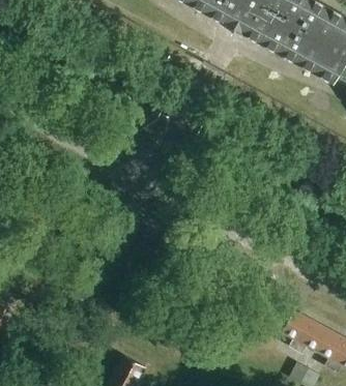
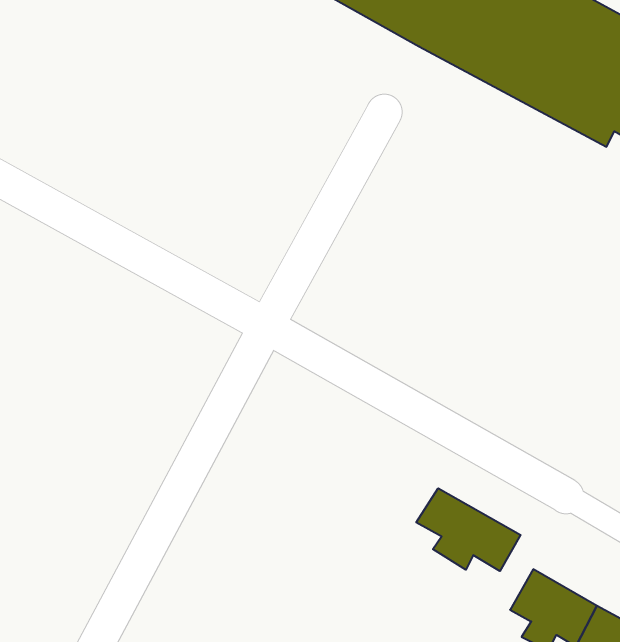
building: none -> [416,488,521,571]

